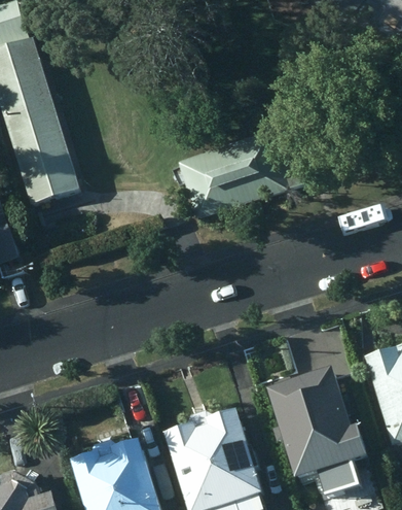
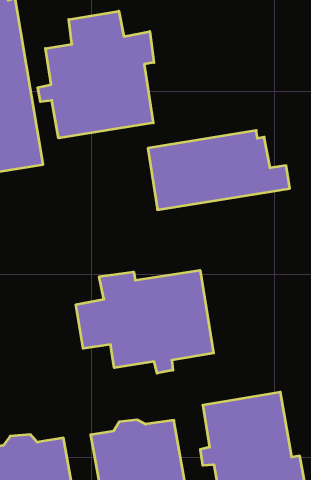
building: none -> [38,11,154,138]
building: none -> [76,270,214,373]

